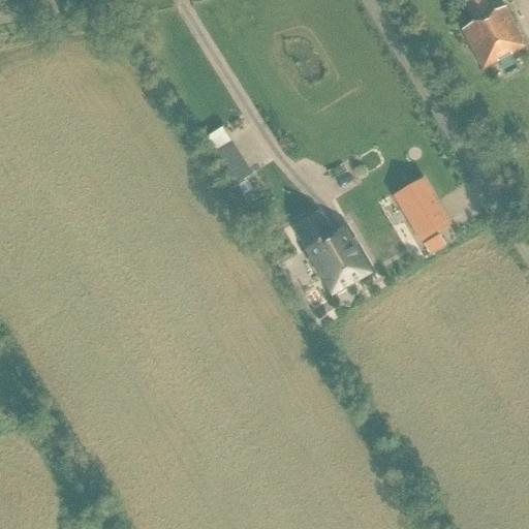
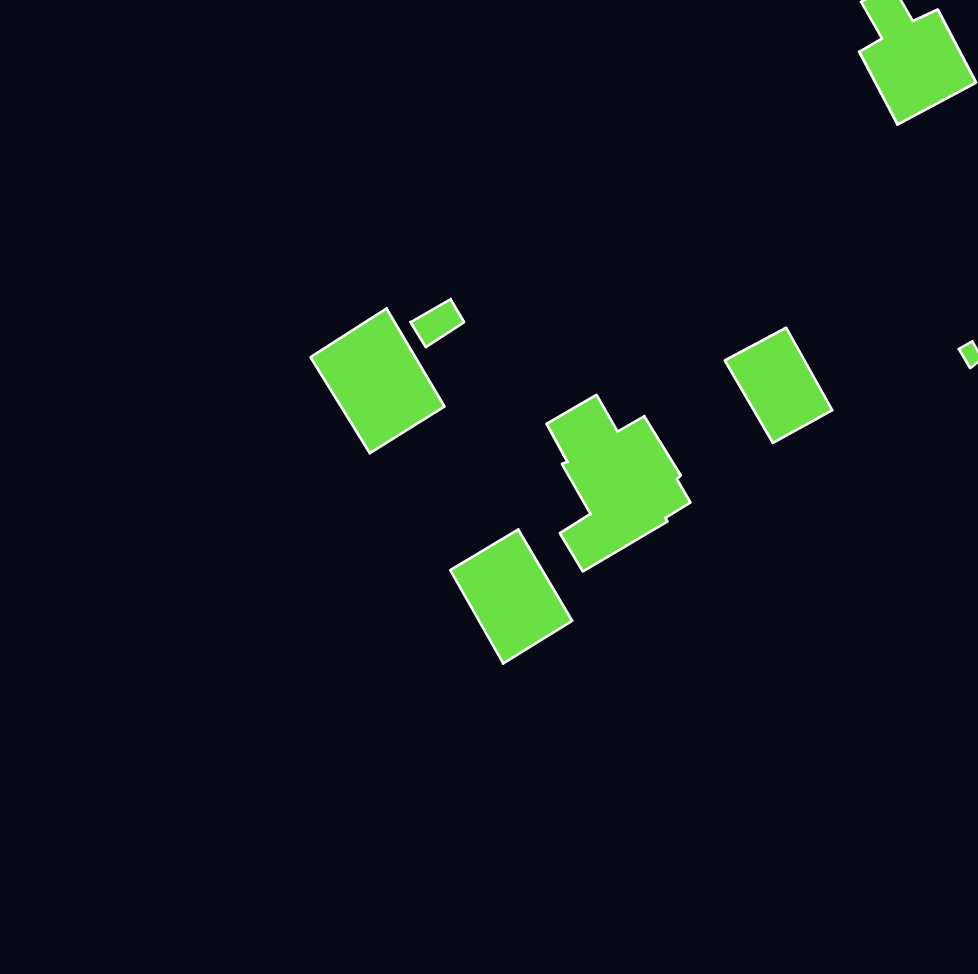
building: none -> [311,308,444,453]
building: none -> [450,529,572,664]

